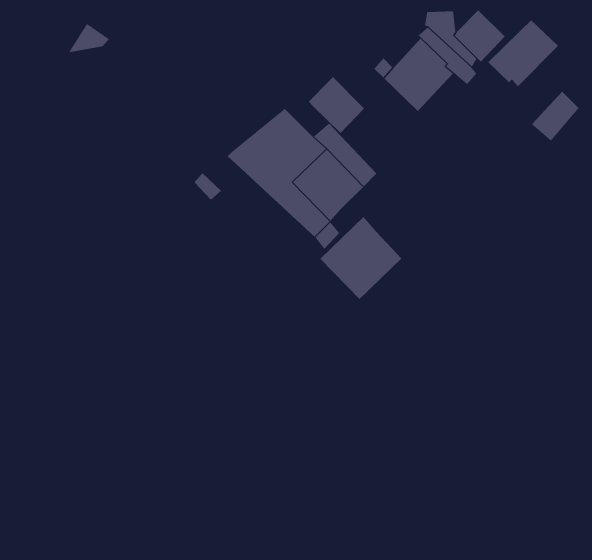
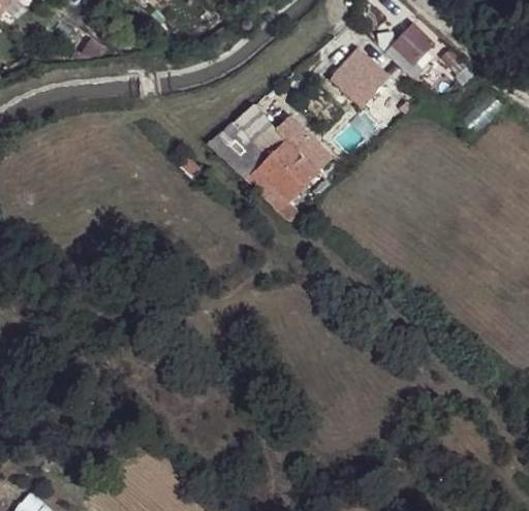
building: [488,19,559,87] -> none
building: [308,76,365,134] -> none
building: [319,216,402,300] -> none

